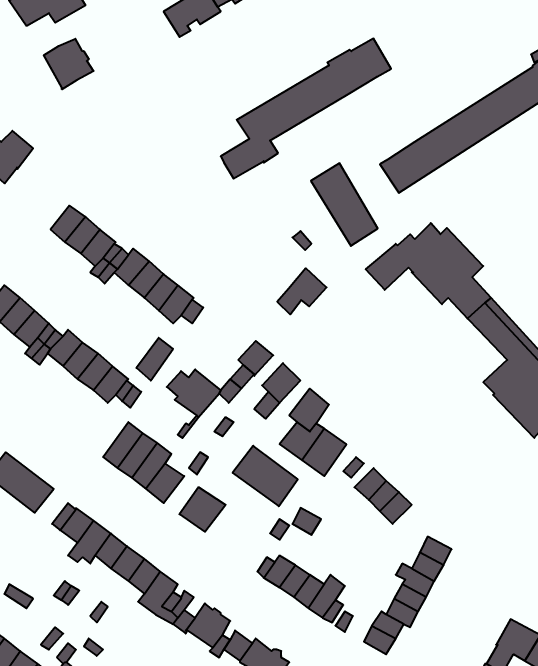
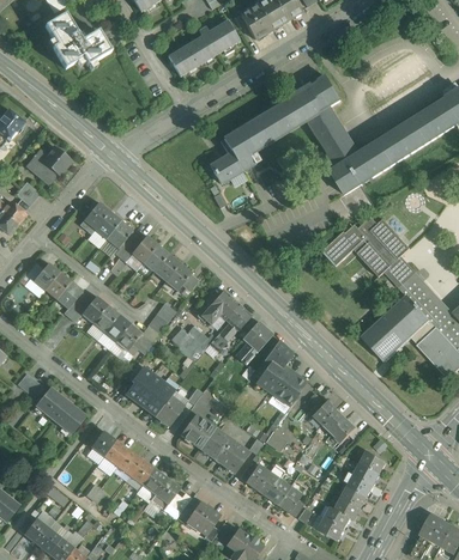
building: [44,39,94,89] -> none
building: [311,163,378,246] -> [308,105,358,168]
building: [277,268,327,314] -> [201,290,238,324]
building: none -> [362,296,428,360]
building: [233,446,298,506] -> [200,427,249,473]

